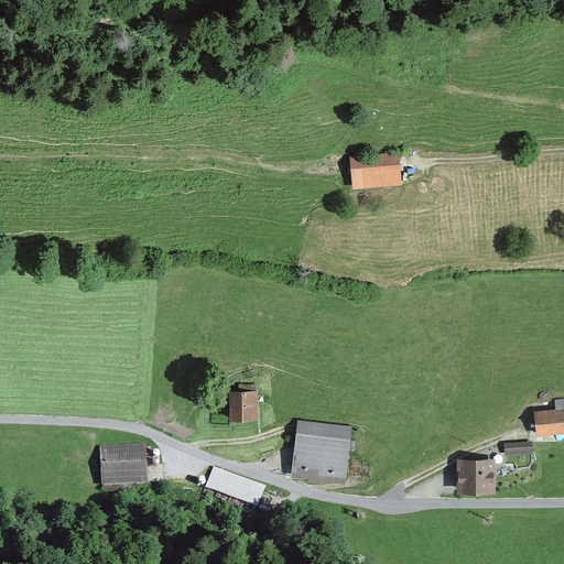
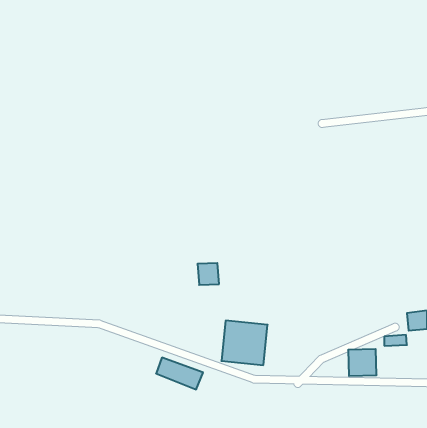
building: [350,148,402,184] -> none
building: [228,392,257,421] -> [197,263,219,285]
building: [100,445,148,486] -> none

